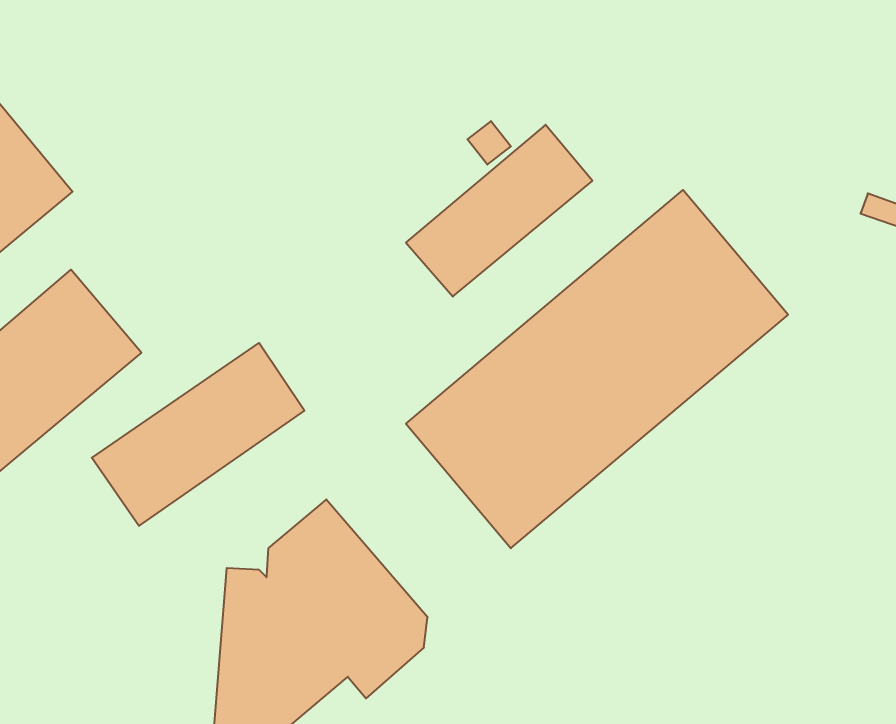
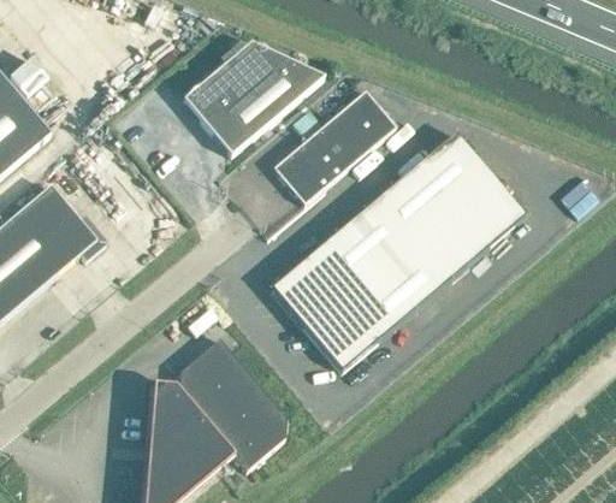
building: none -> [183,40,324,154]
building: [92,343,304,526] -> none

